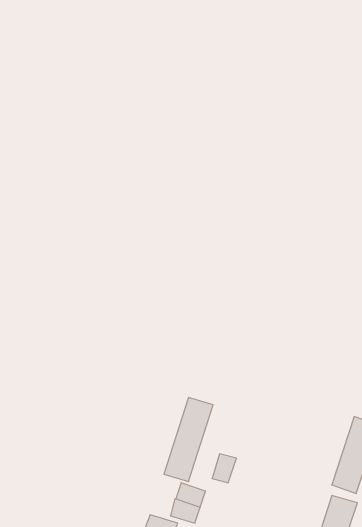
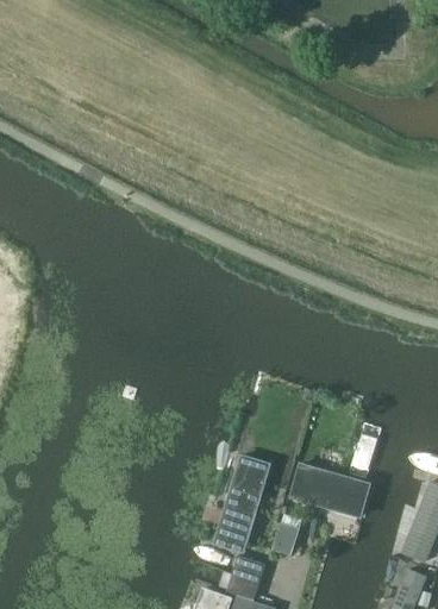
building: none -> [292,466,369,520]

